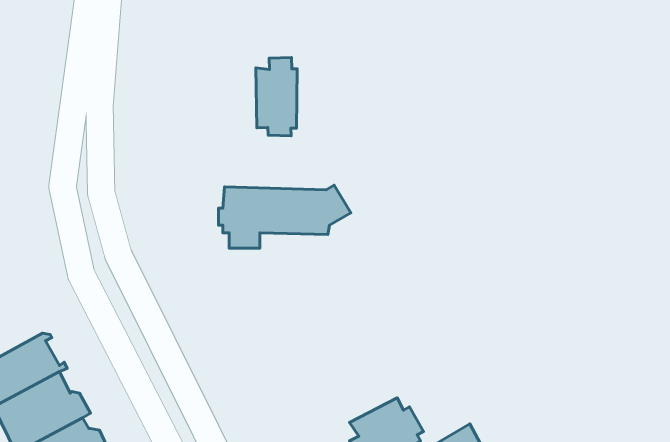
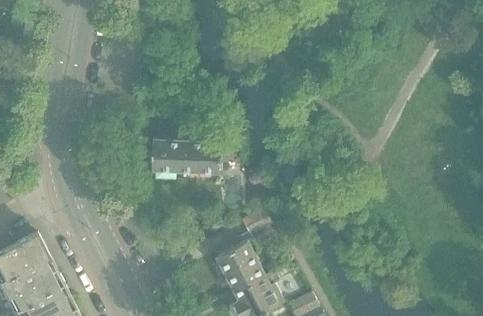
building: [256,57,297,136] -> none
building: none -> [214,209,271,293]

